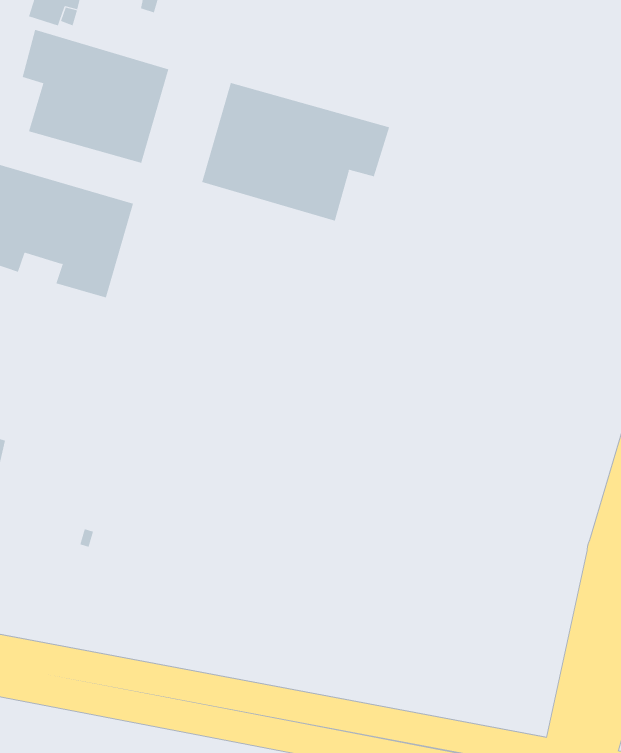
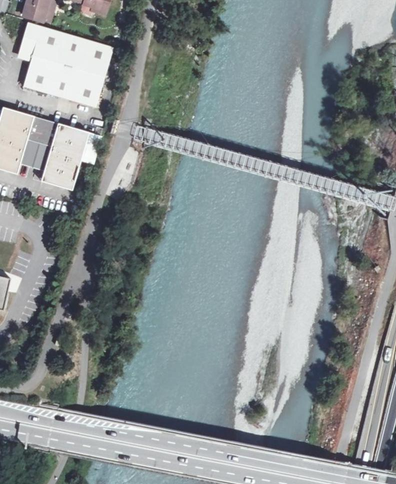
building: [202,82,390,222] -> none

